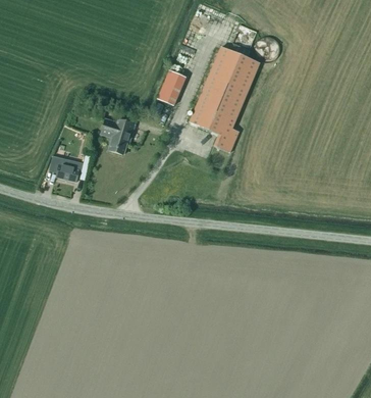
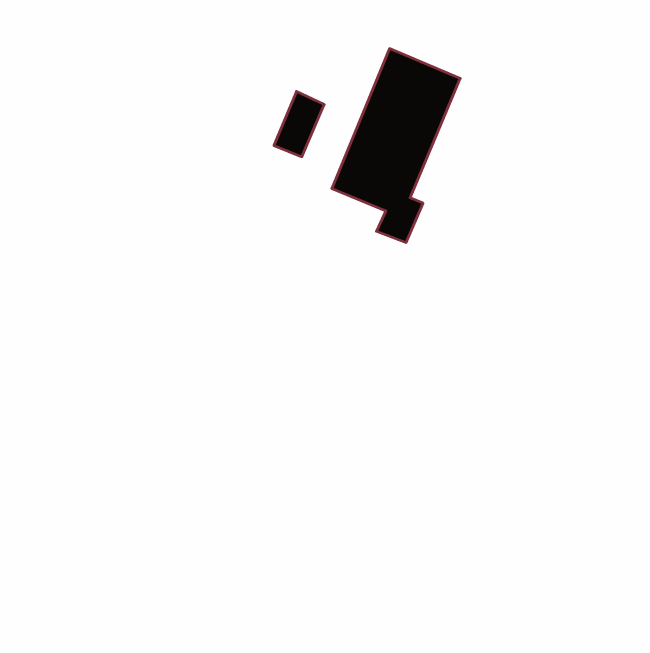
building: [102,117,136,153] -> none
building: [50,155,83,181] -> none

